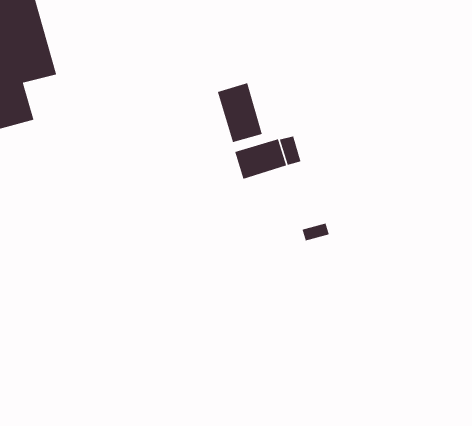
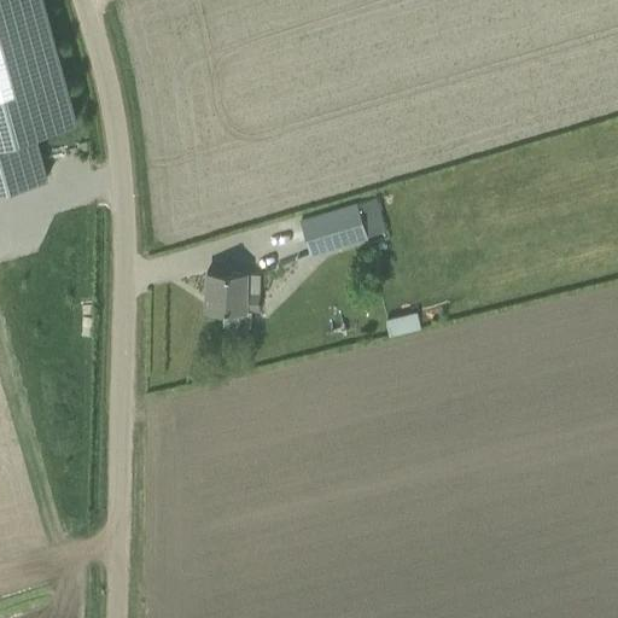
building: [217,82,263,143] -> none
building: none -> [206,275,260,314]

